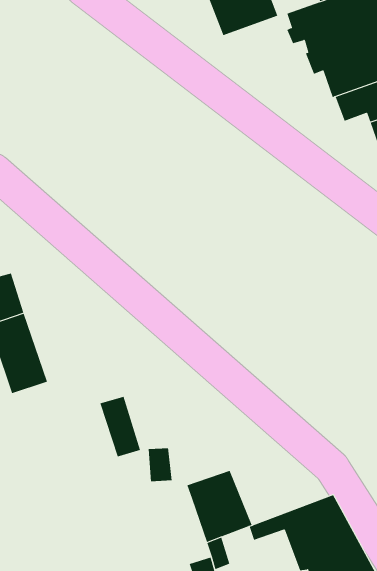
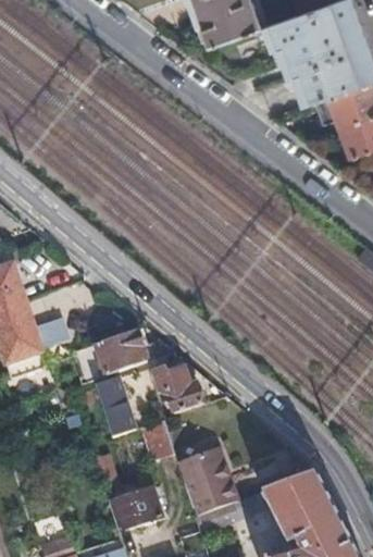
building: none -> [75,327,148,381]
building: none -> [153,367,202,412]
building: none -> [108,483,176,532]

